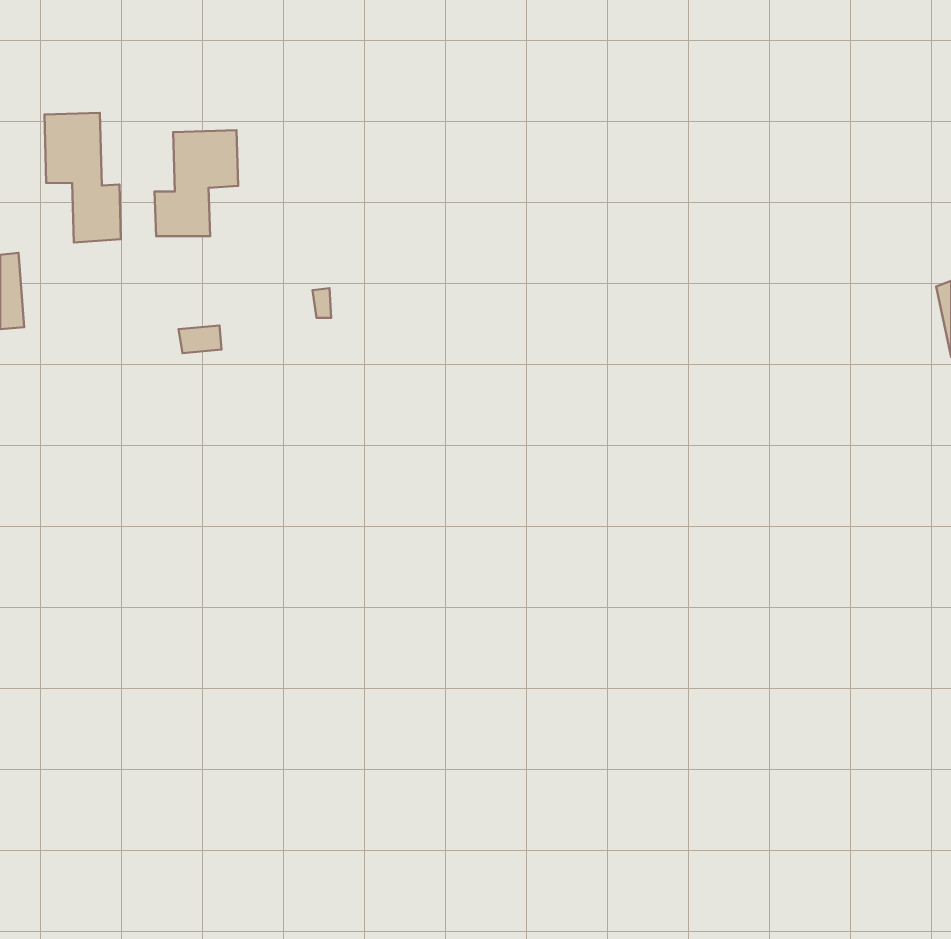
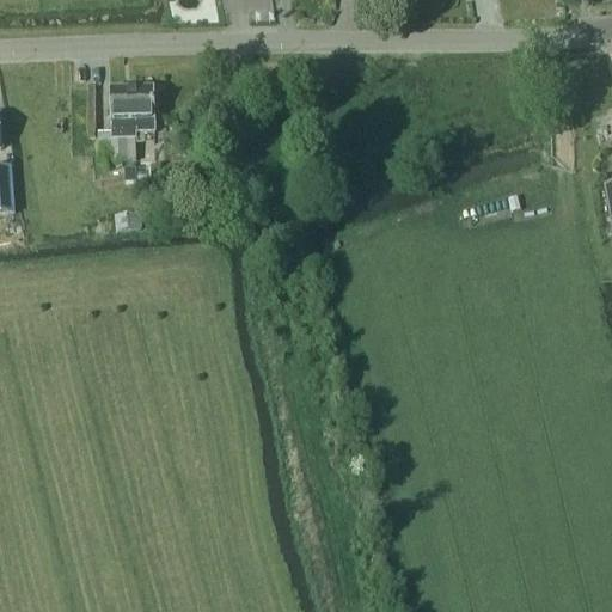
building: [44,113,121,242] -> none

